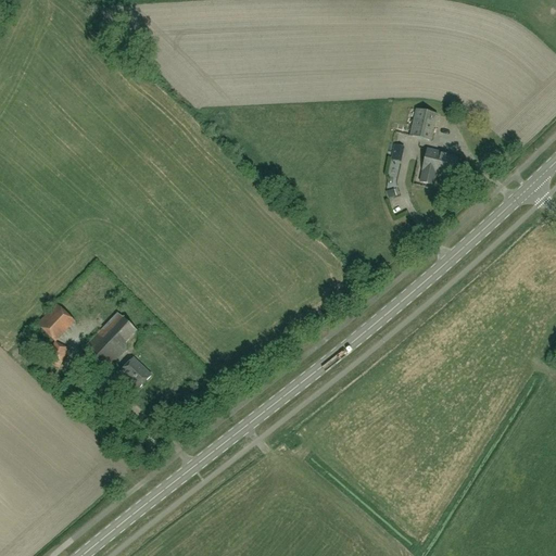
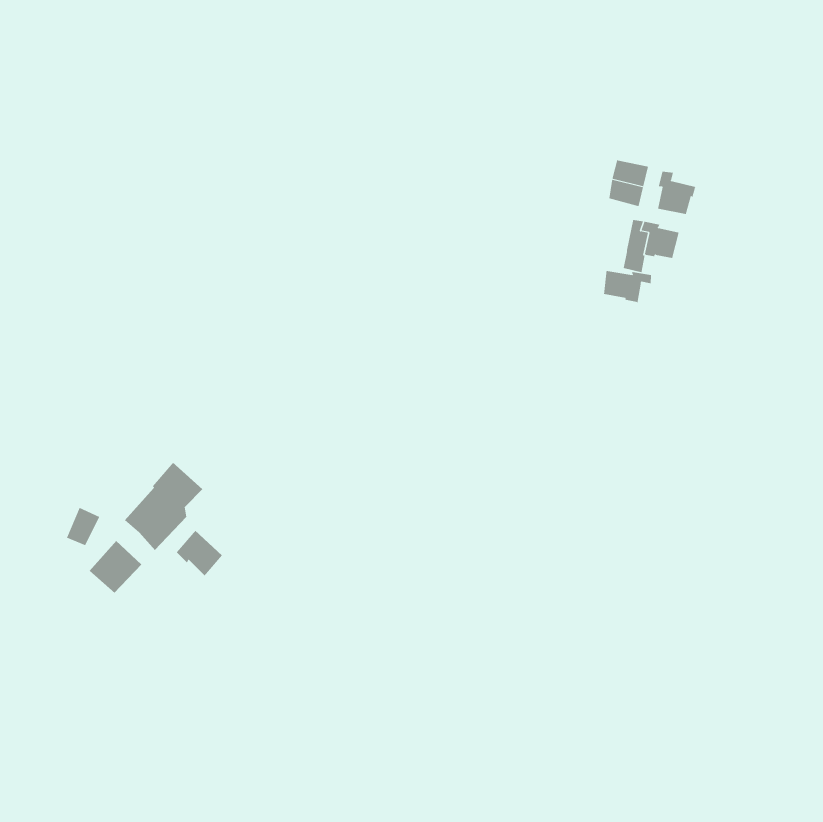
building: none -> [657,171,696,215]
building: none -> [603,270,651,303]
building: [40,303,76,339] -> [89,540,142,593]

